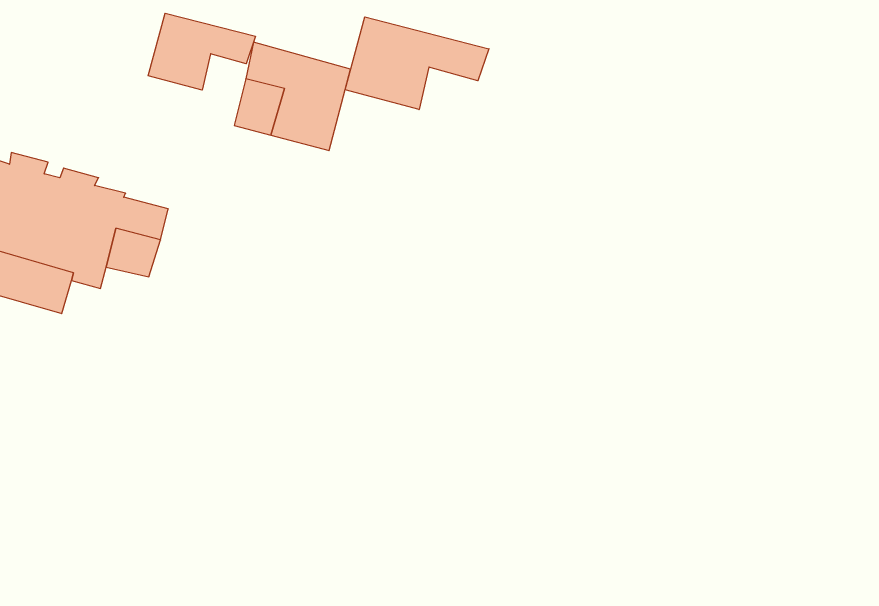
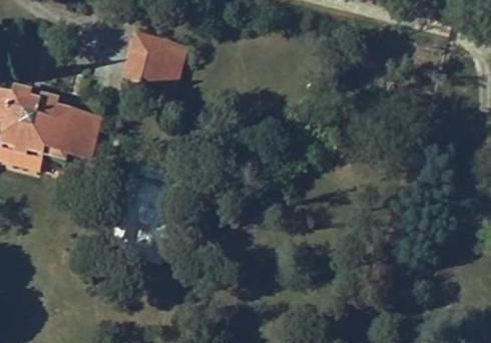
building: [148,13,255,90] -> none
building: [345,17,489,110] -> none

